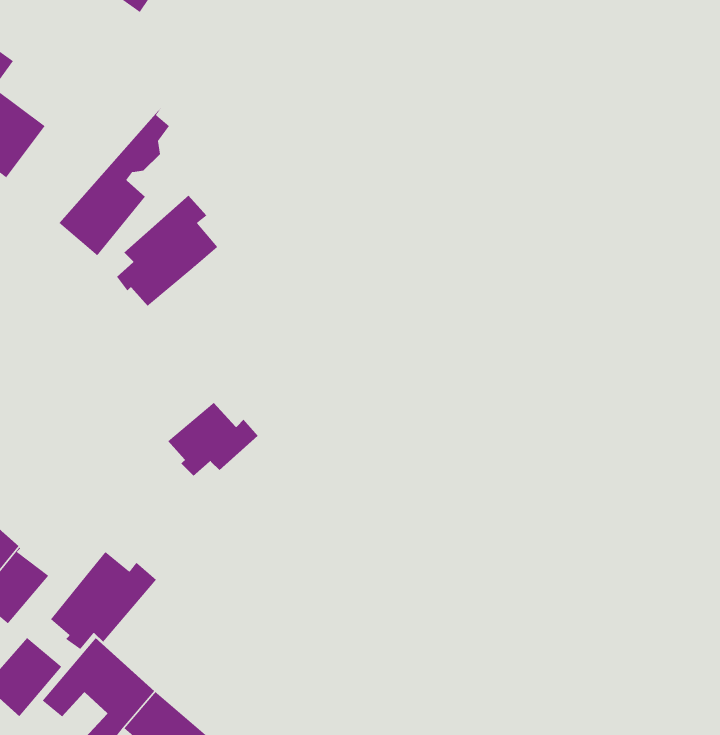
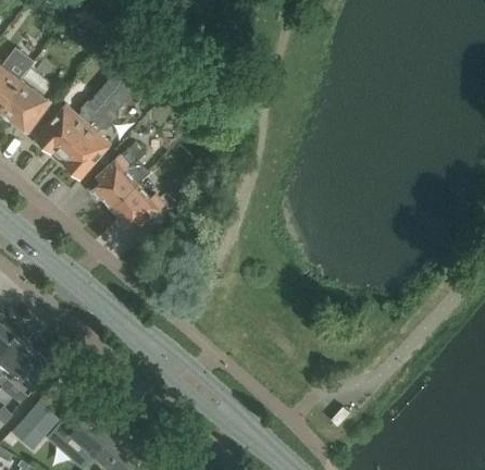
building: none -> [35,78,123,160]
building: [167,402,259,477] -> [110,186,163,230]
building: [50,551,157,650] -> none

